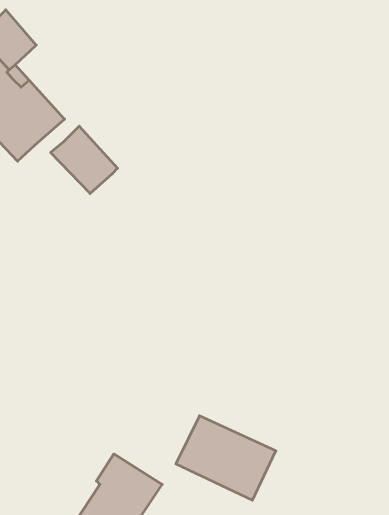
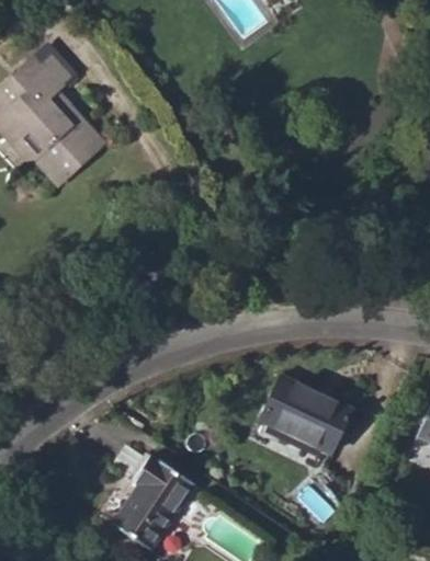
building: [51,126,118,194] -> none
building: [176,416,276,500] -> [259,376,352,455]

